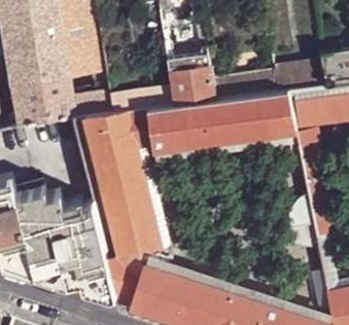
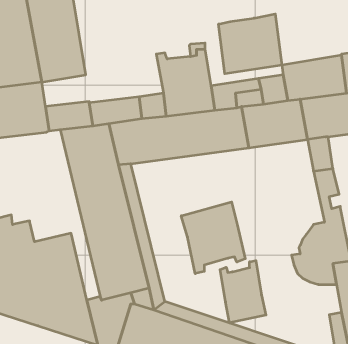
building: none -> [219,14,282,74]
building: none -> [181,202,245,274]
building: none -> [220,261,266,323]

